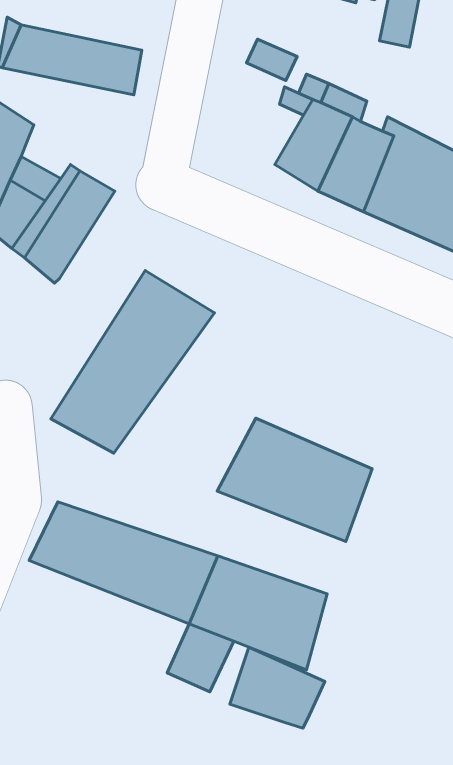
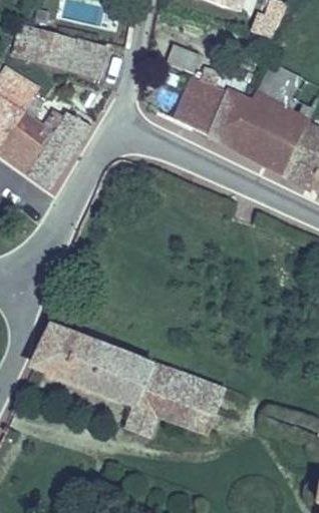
building: [51,270,215,453] -> none
building: [217,418,372,541] -> none
building: [230,647,325,728] -> none

